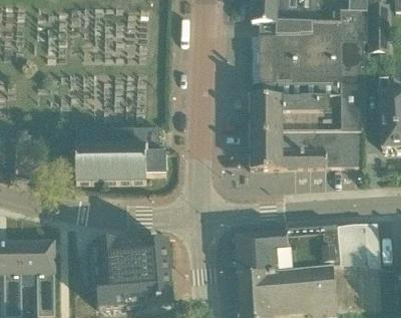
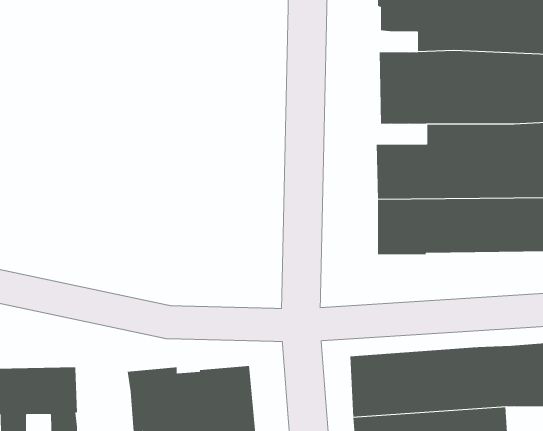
building: [64,127,165,184] -> none

